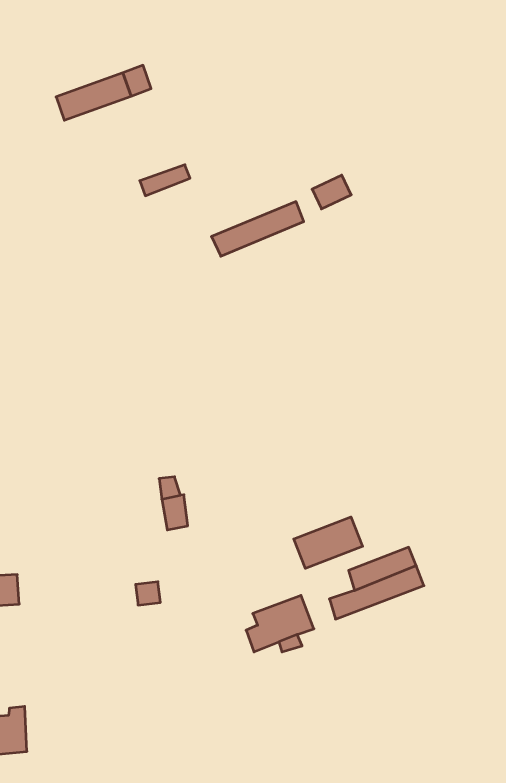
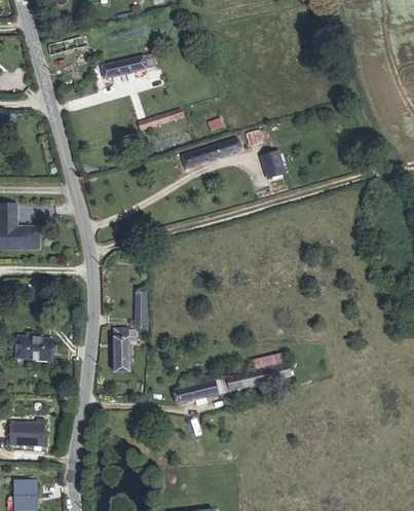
building: none -> [262,155,287,183]
building: [294,517,363,568] -> none
building: none -> [117,330,131,357]

